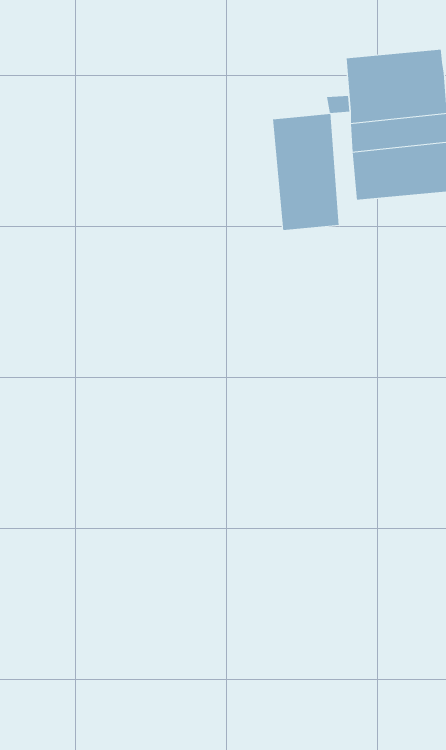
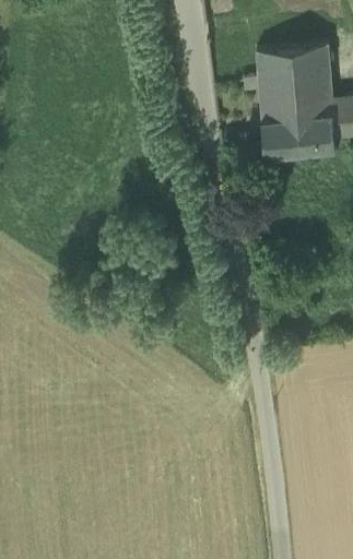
building: [272,113,339,231] -> none

